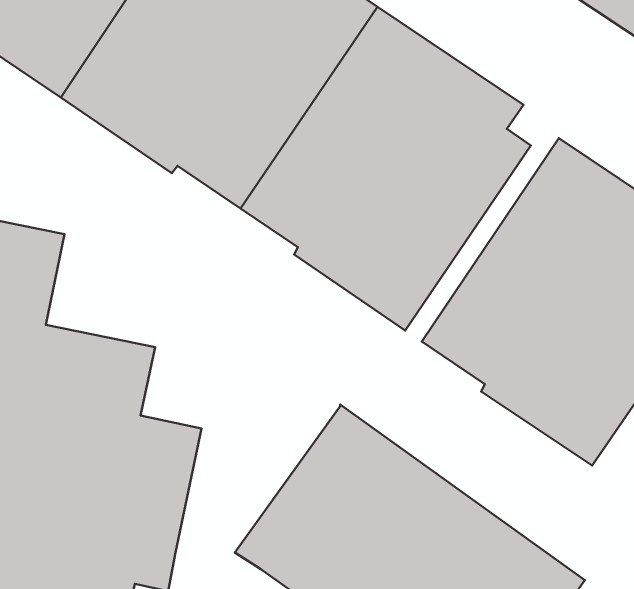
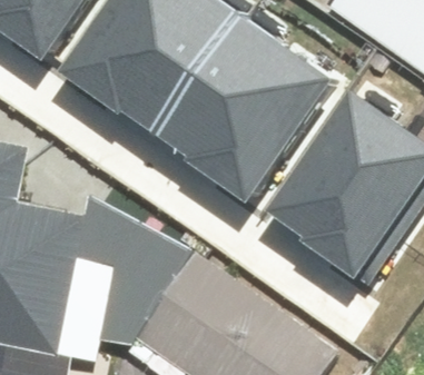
building: none -> [86,198,206,351]

